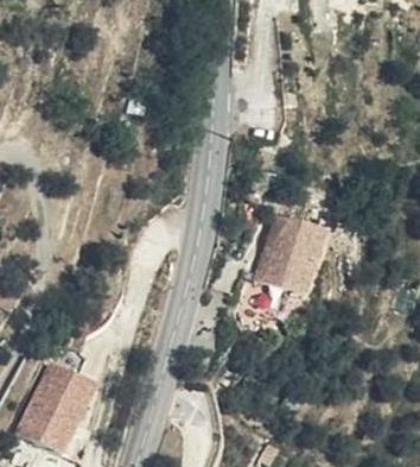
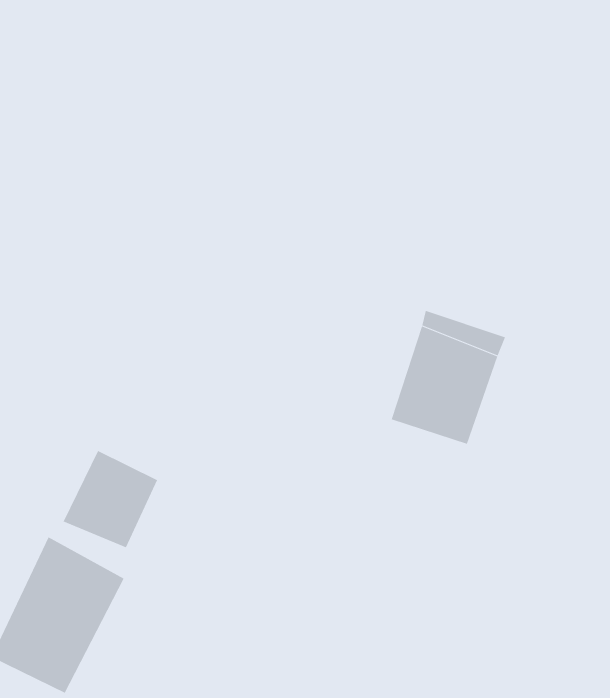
building: none -> [63,450,158,548]

